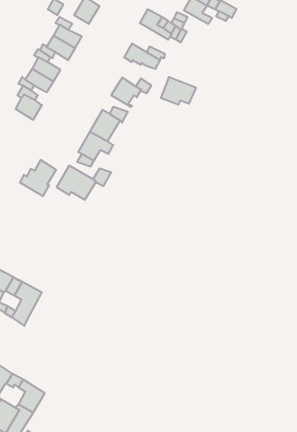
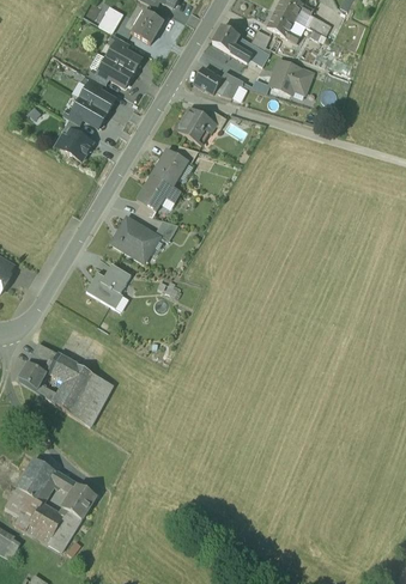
building: [161,77,196,105] -> [269,60,313,93]
building: [20,160,56,196] -> [86,263,131,308]
building: none -> [69,372,113,426]

